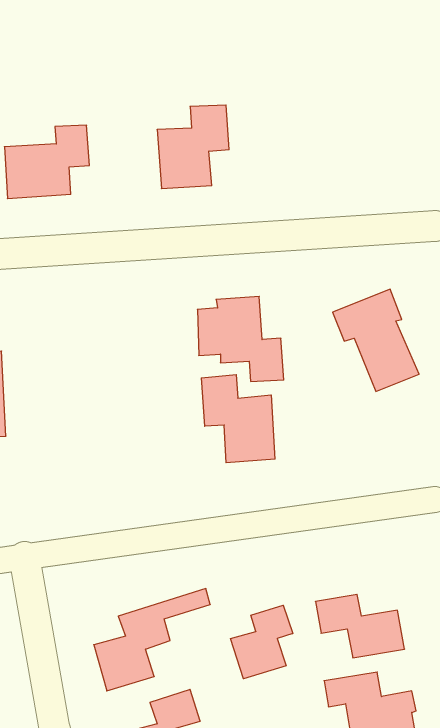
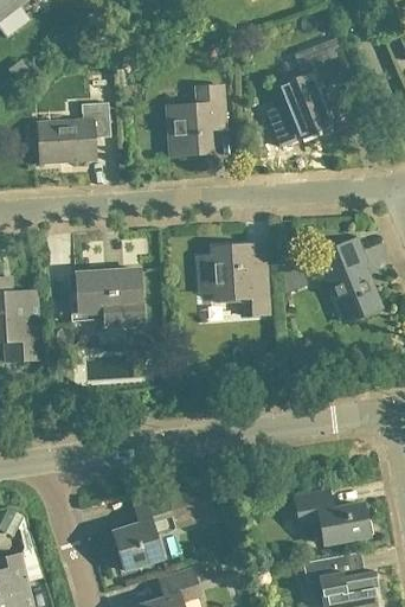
building: none -> [268,43,336,145]
building: none -> [75,269,141,326]
building: [201,375,275,463] -> none
building: [231,605,293,679] -> none

